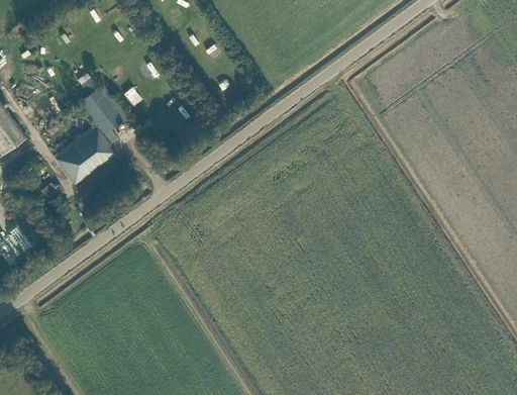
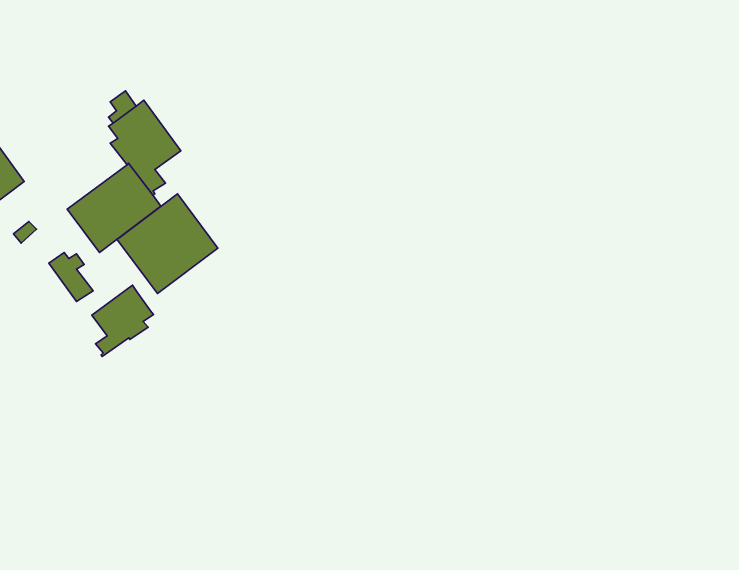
building: none -> [117,194,218,293]
building: none -> [92,285,153,356]

